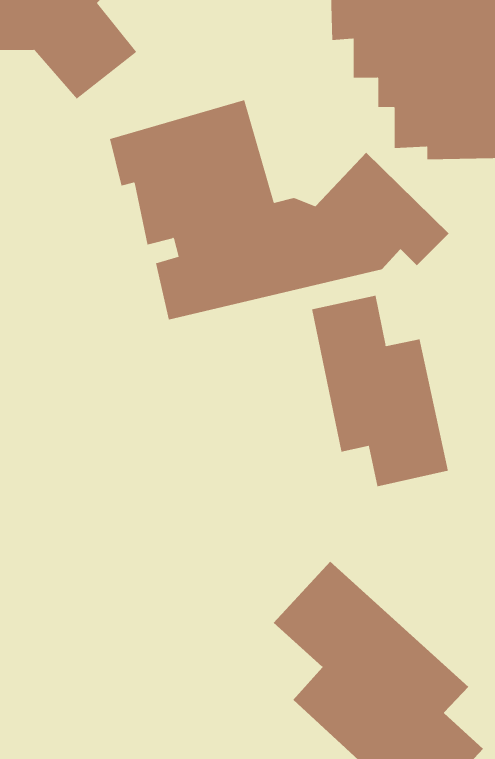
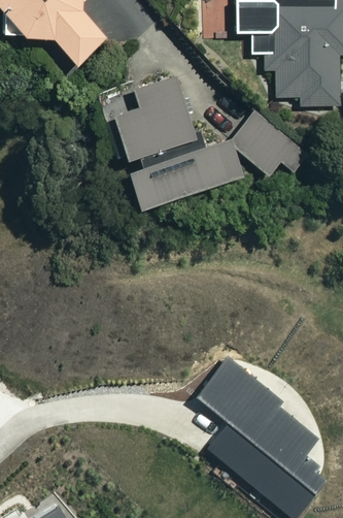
building: [311,295,449,487] -> none

